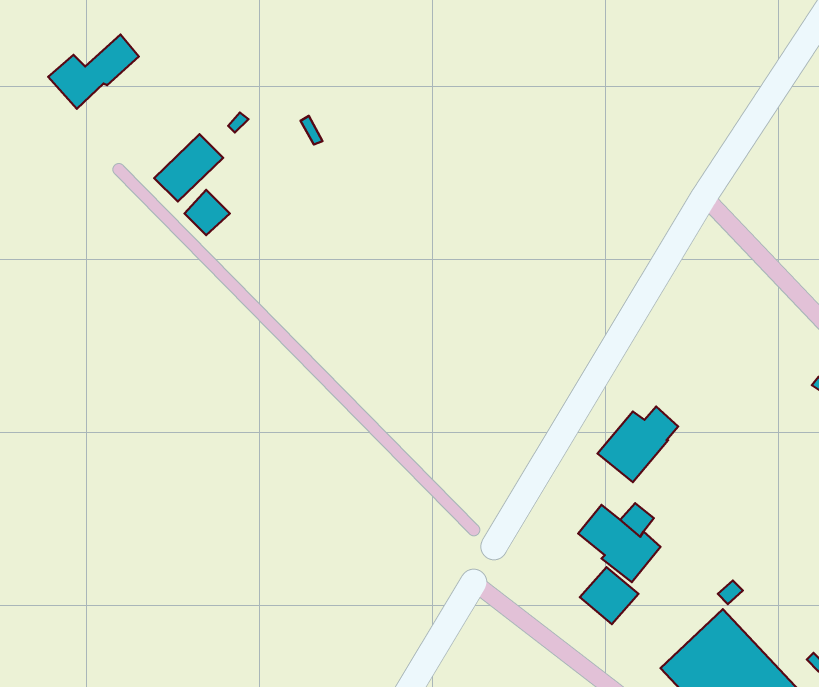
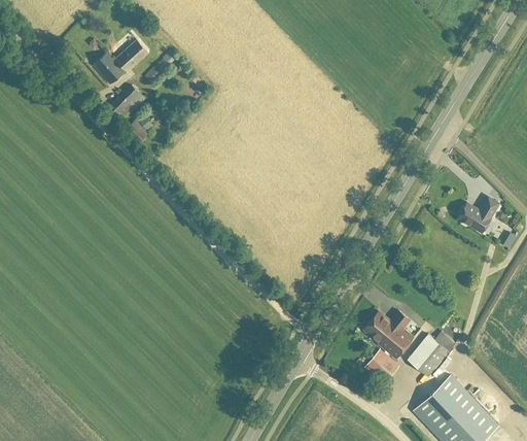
building: [48,35,139,109] -> [92,38,147,83]
building: none -> [458,196,497,232]
building: [597,406,678,482] -> [406,330,455,376]

